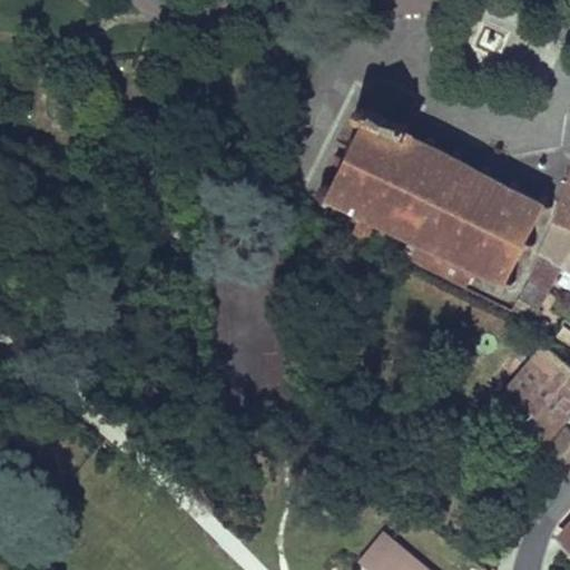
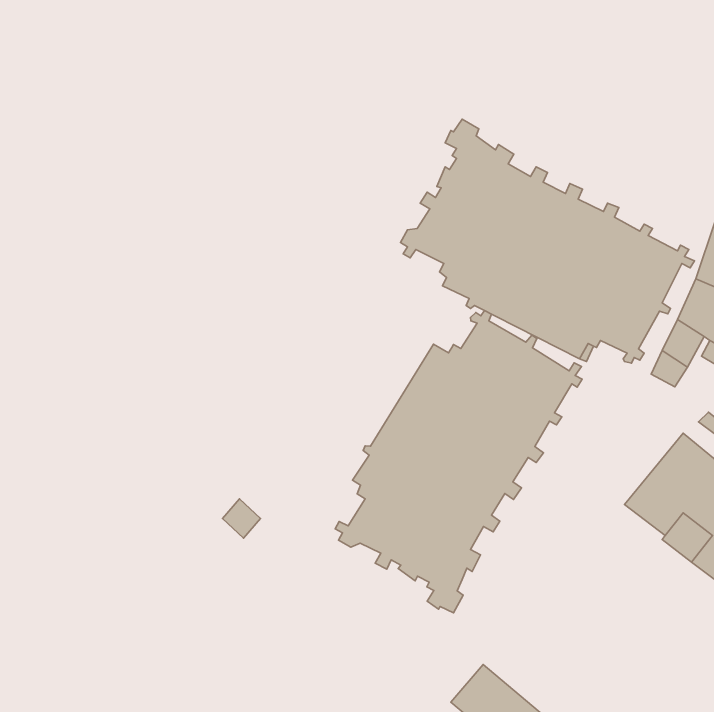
building: none -> [335,311,582,613]

